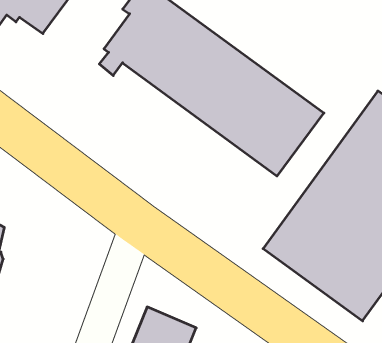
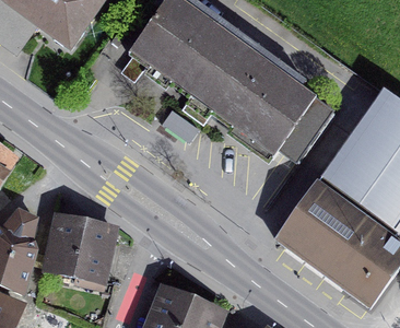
building: none -> [46,216,110,284]

